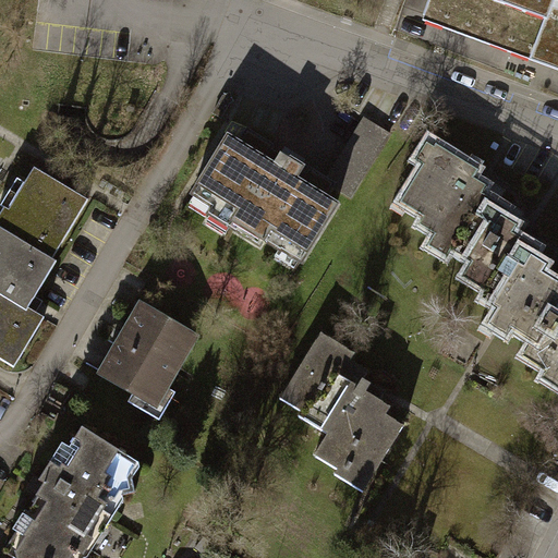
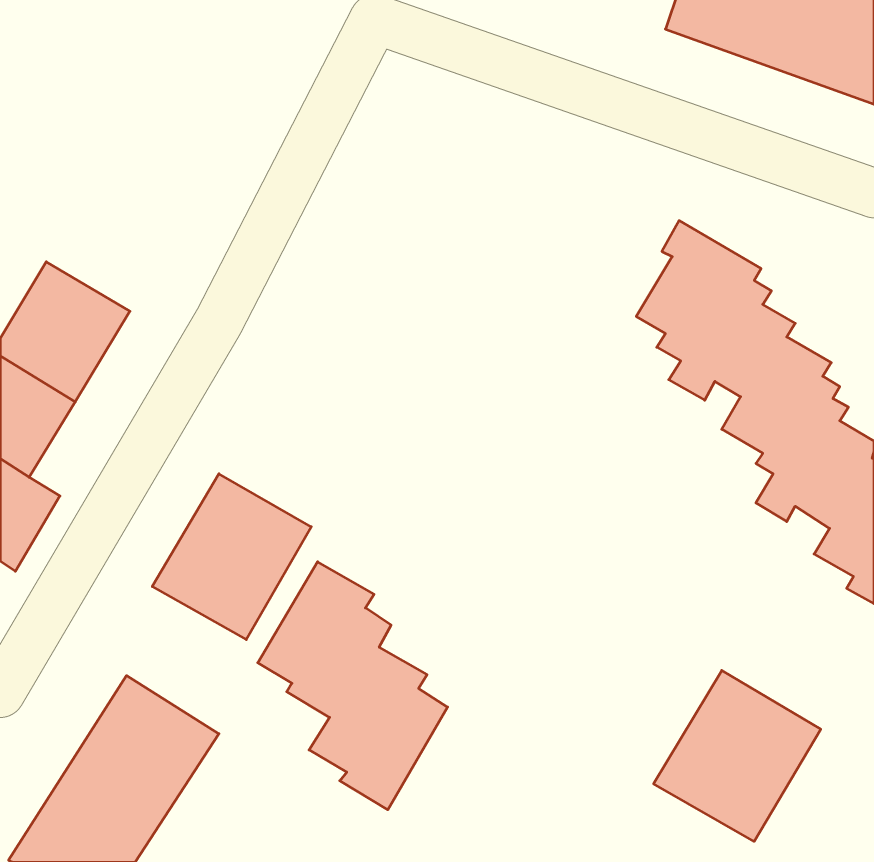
building: [193,135,338,262] -> none
building: [279,331,400,489] -> [258,562,448,810]
building: none -> [654,670,821,841]

